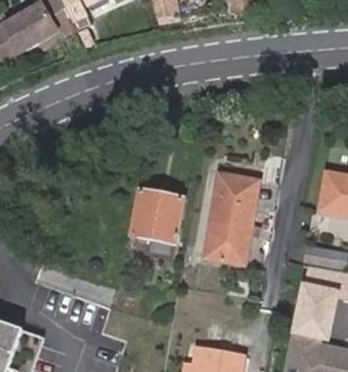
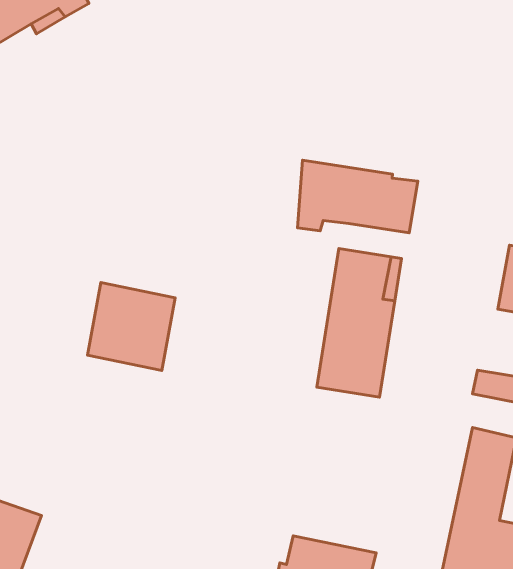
building: none -> [298,160,418,233]
building: [131,194,184,246] -> [87,282,175,370]

